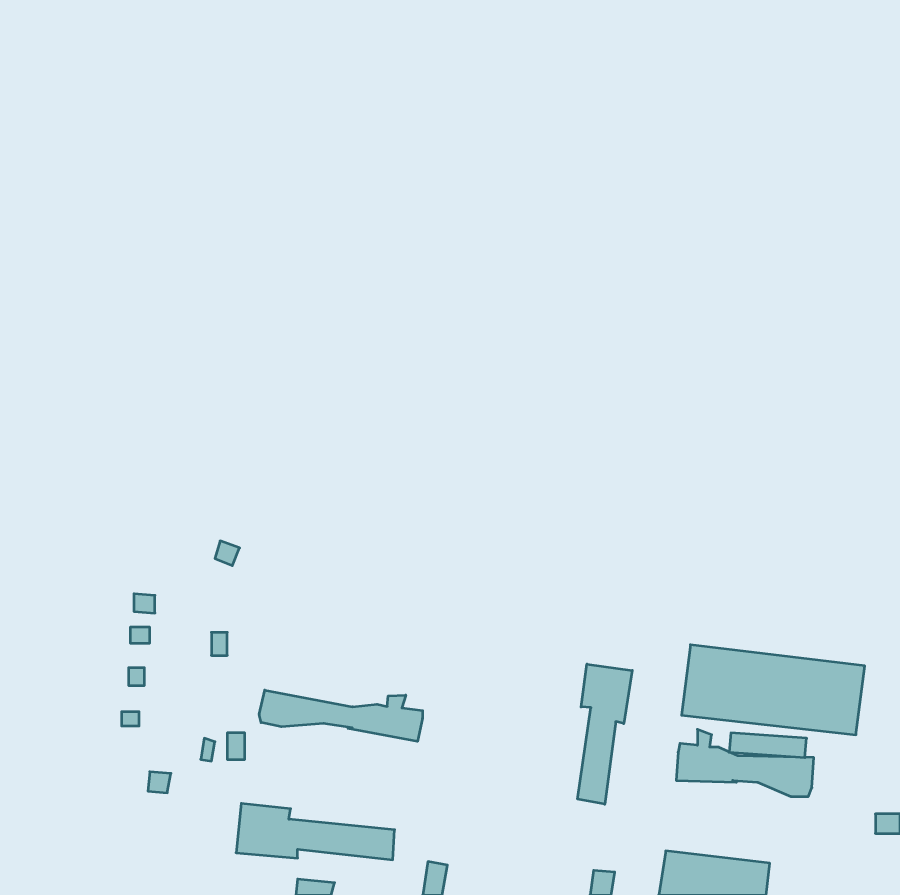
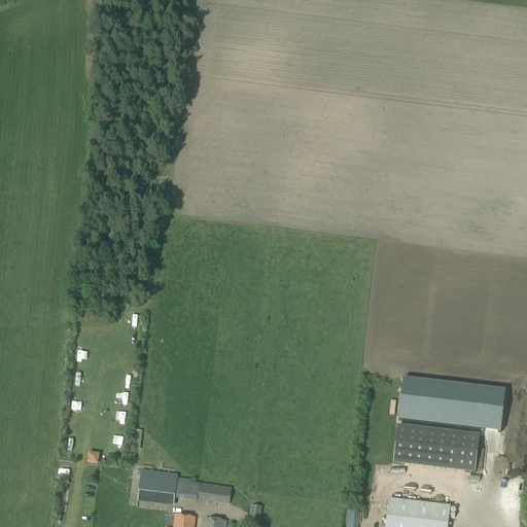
building: [578,664,632,804] -> none
building: [259,690,423,741] -> none

